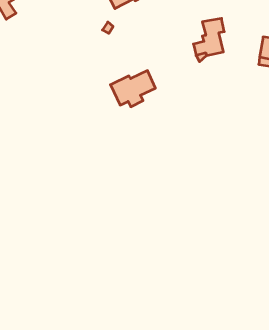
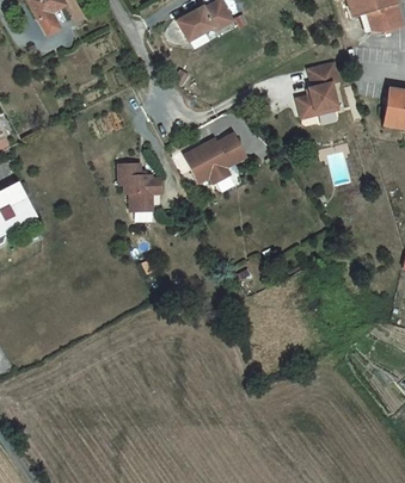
building: none -> [117,161,159,208]

